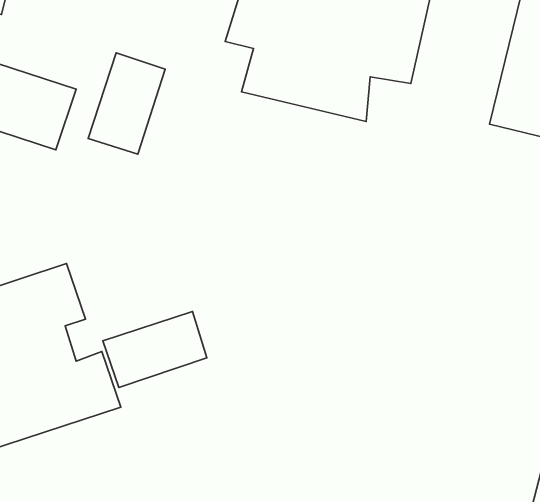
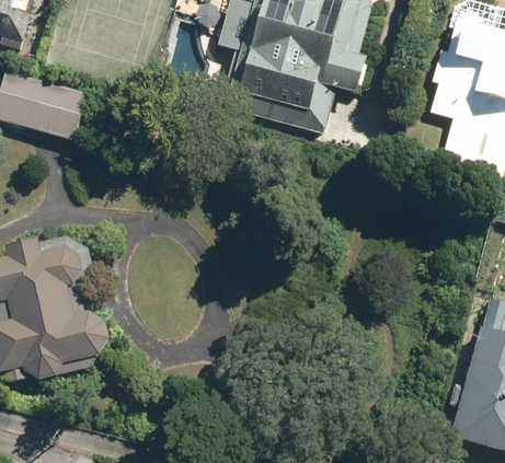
building: [88,53,165,154] -> none
building: [103,311,207,387] -> none

